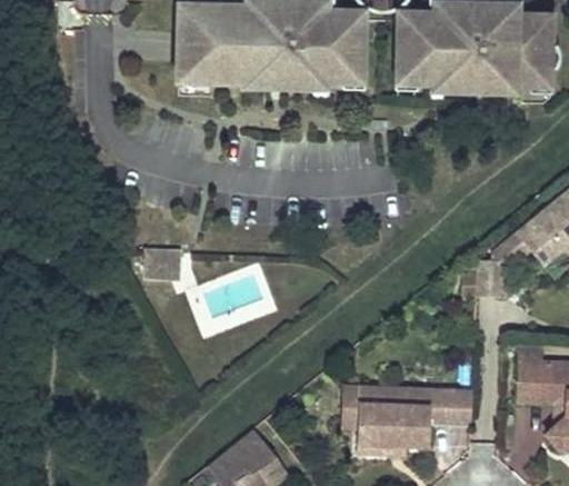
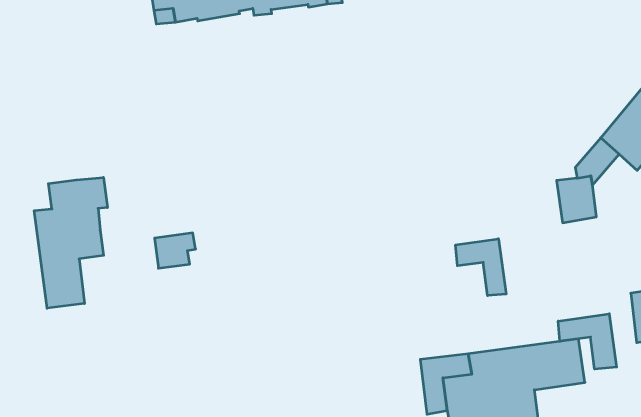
building: none -> [34,177,107,308]
building: none -> [456,239,506,296]
building: none -> [558,314,617,369]

